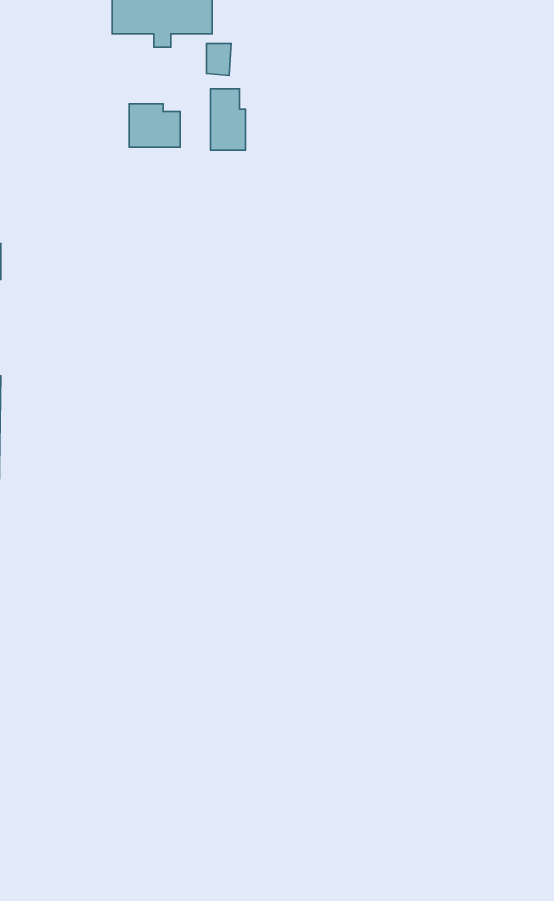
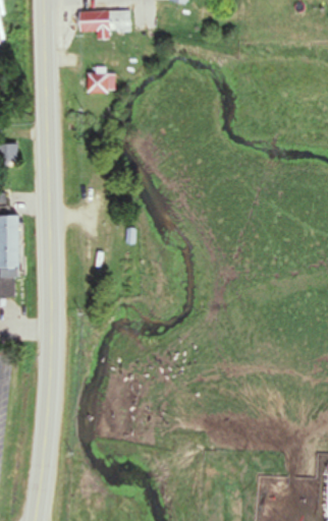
building: [210,89,246,150] -> none

